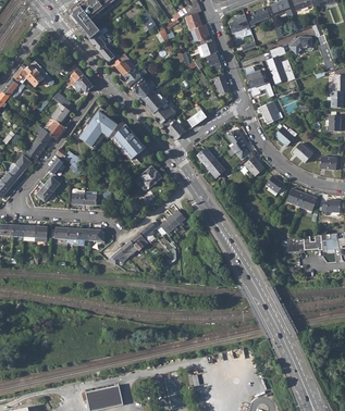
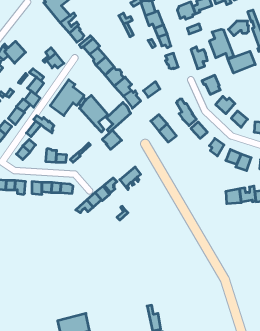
building: none -> [228,51,255,73]
building: none -> [107,102,131,132]

